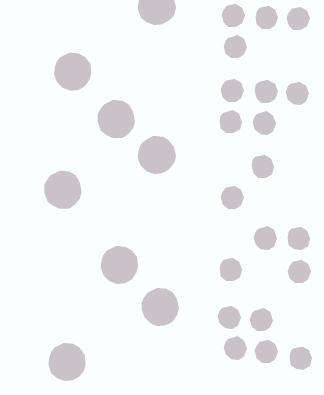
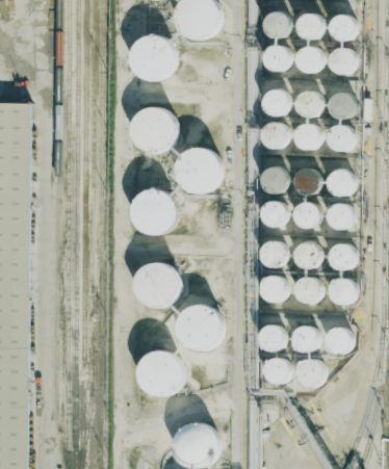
building: none -> [295,46,321,71]
building: none -> [331,49,356,74]
building: [53,52,92,91] -> [131,37,172,78]
building: none -> [328,126,353,151]
building: none -> [260,170,286,194]
building: none -> [328,172,354,197]
building: [44,170,83,209] -> [128,191,168,232]
building: none -> [293,203,319,228]
building: none -> [328,204,353,229]
building: none -> [260,242,285,267]
building: none -> [294,278,320,303]
building: [47,342,86,381] -> [136,356,177,396]
building: [289,346,313,370] -> [328,330,353,355]

